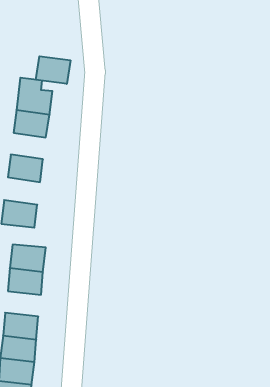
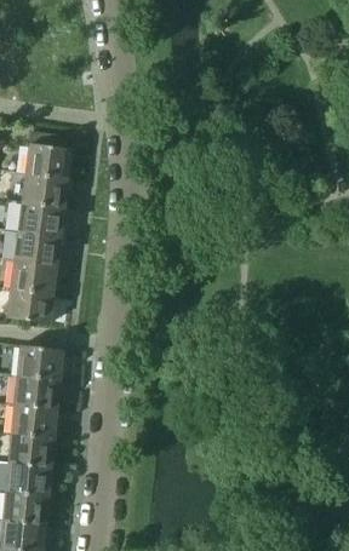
building: [36,56,70,84] -> none
building: none -> [17,202,62,236]
building: none -> [8,259,55,294]
building: none -> [10,404,56,437]

